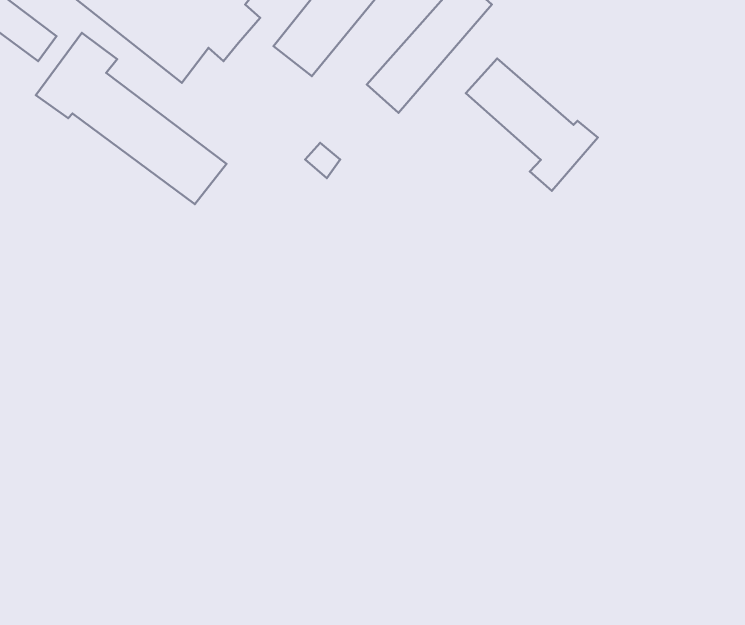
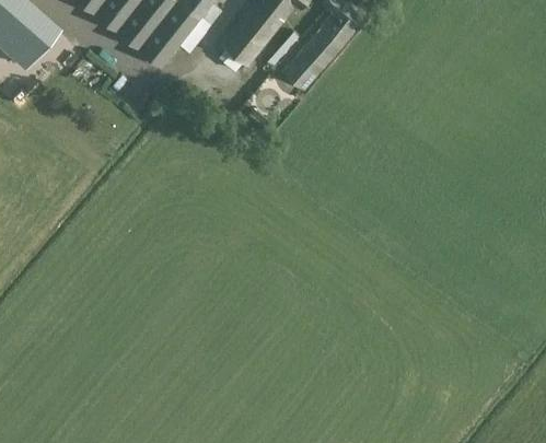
building: [36,33,226,204] -> none
building: [466,59,598,191] -> none

